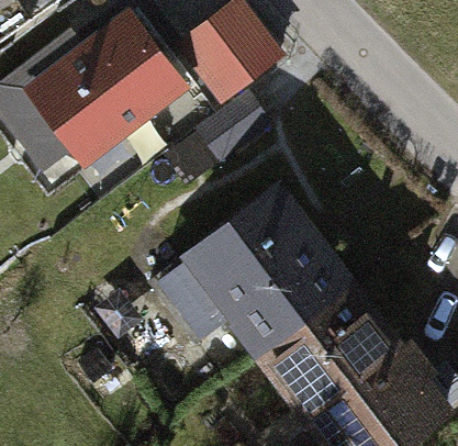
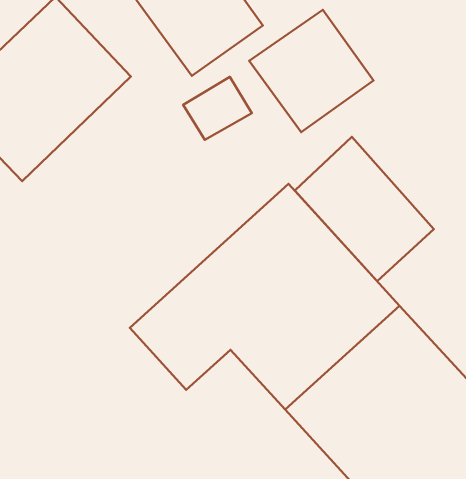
building: none -> [249,10,373,132]
building: none -> [295,137,434,281]

